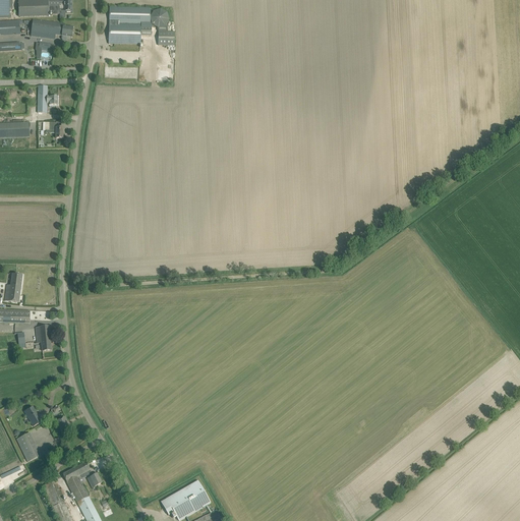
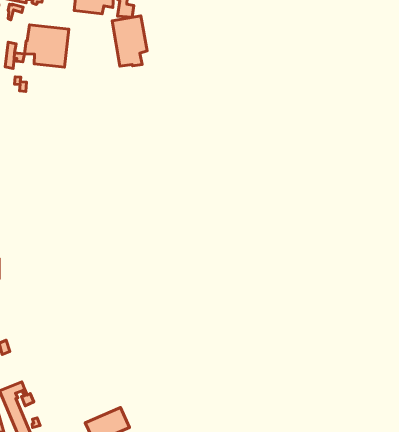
building: none -> [112,16,147,66]
building: none -> [25,25,69,67]

